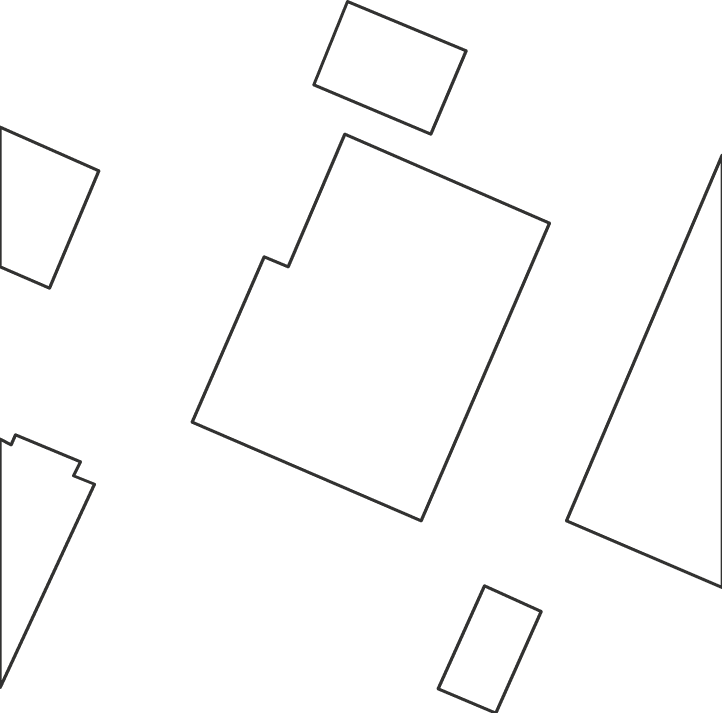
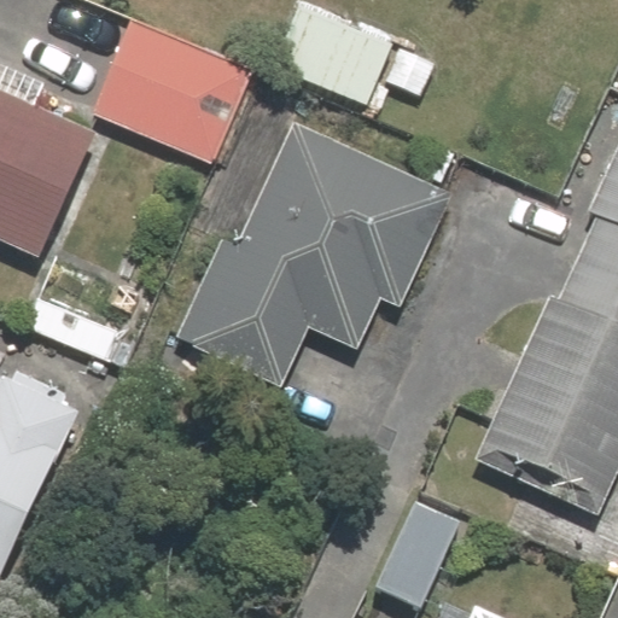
building: none -> [89,21,245,157]

